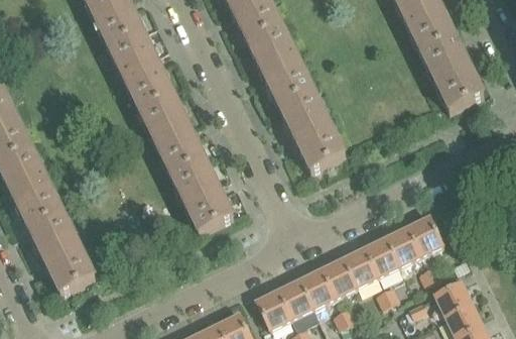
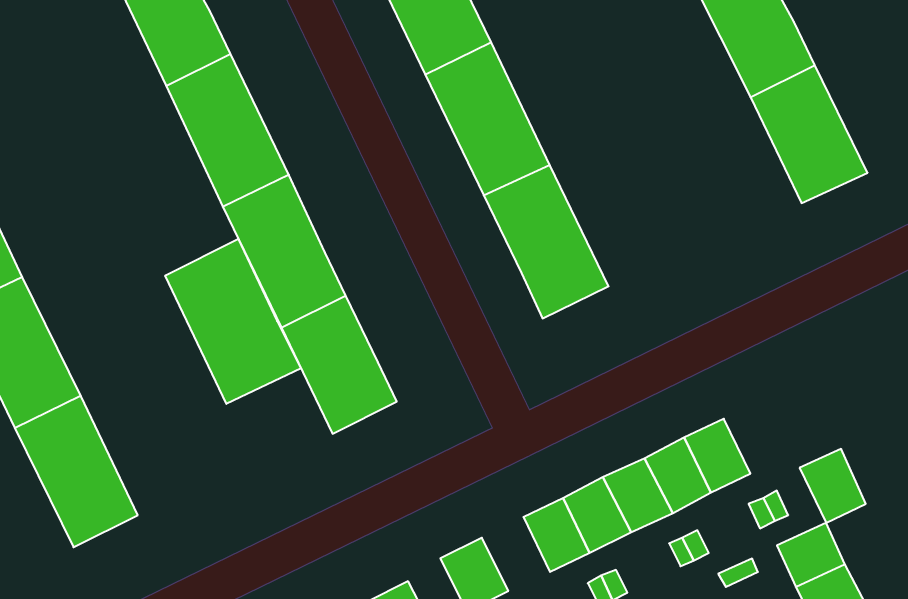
building: none -> [165,239,301,404]
building: [407,217,442,256] -> [800,449,866,523]
building: [278,279,314,319] -> none

